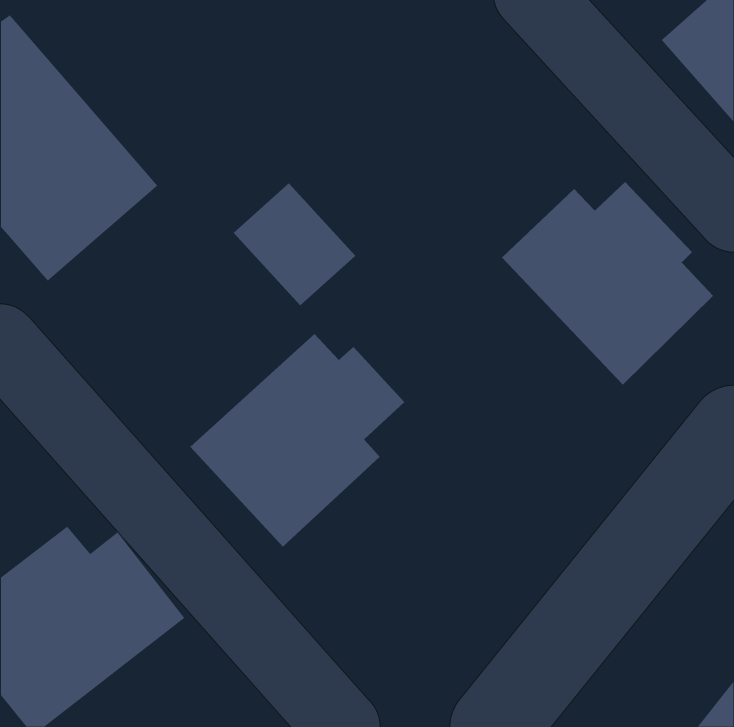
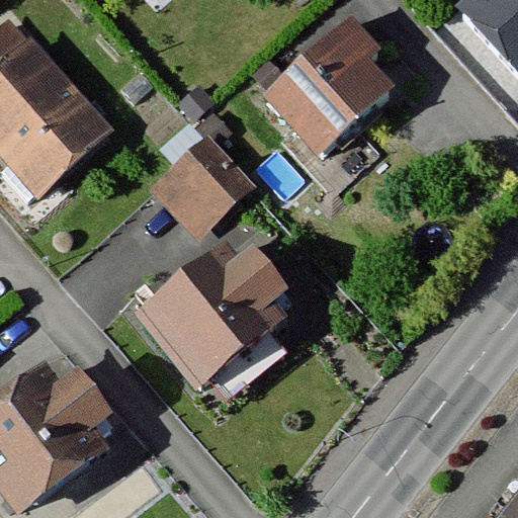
building: none -> [258,8,390,153]
building: [501,181,714,385] -> none

